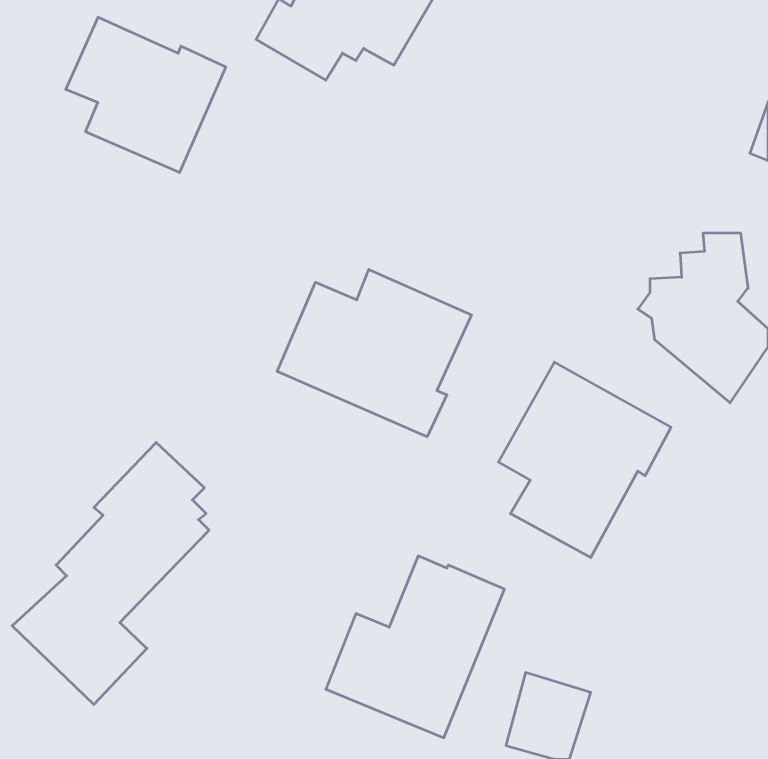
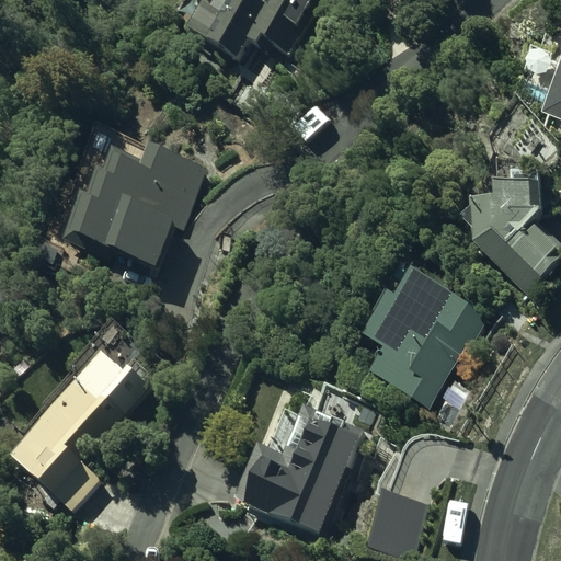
building: [66,17,226,173] -> none
building: none -> [61,144,205,268]
building: [277,269,471,437] -> none

